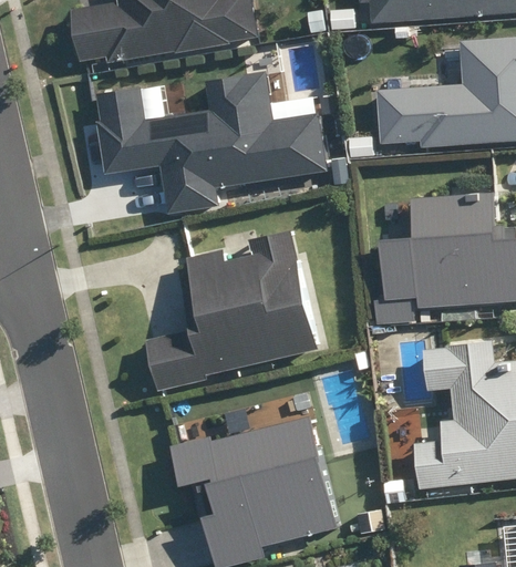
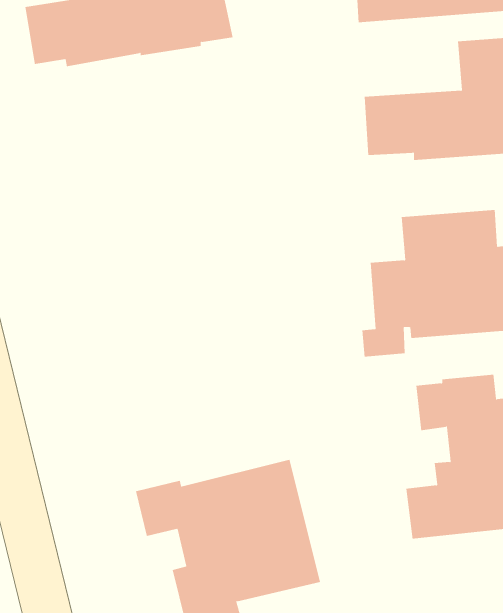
building: [96,71,326,214] -> none
building: [145,228,313,386] -> none

